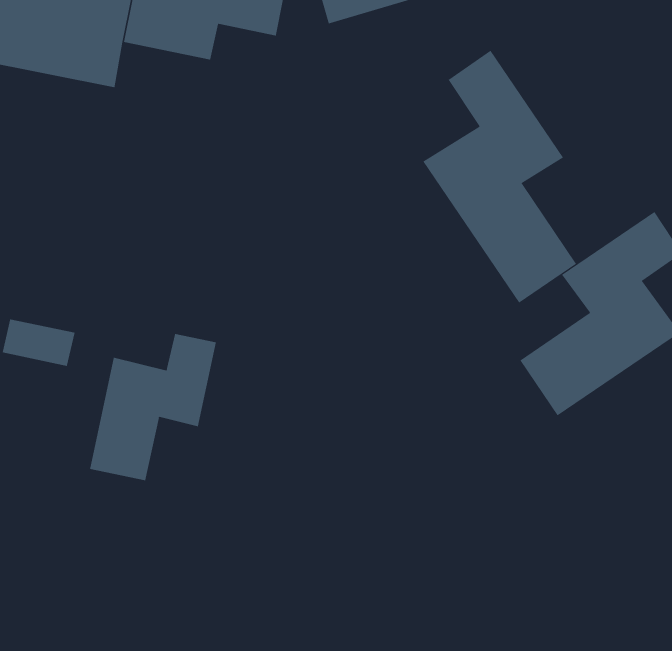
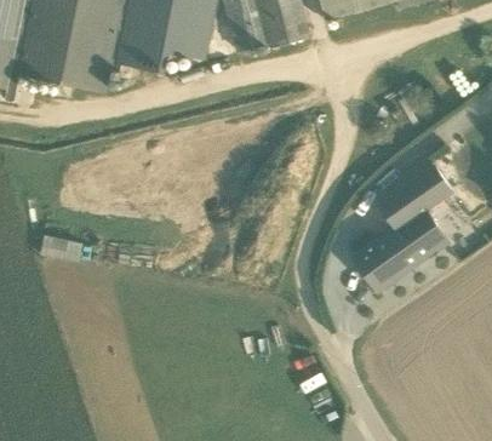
building: [422,50,577,303] -> none
building: [90,333,216,481] -> none

